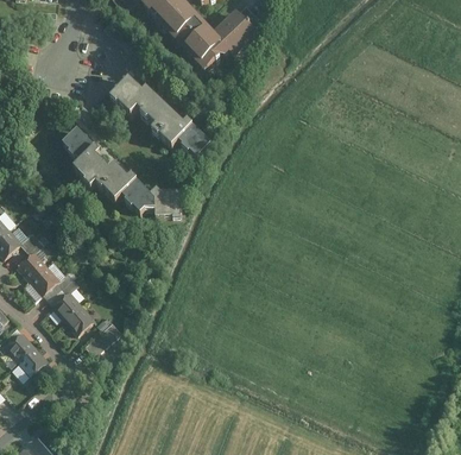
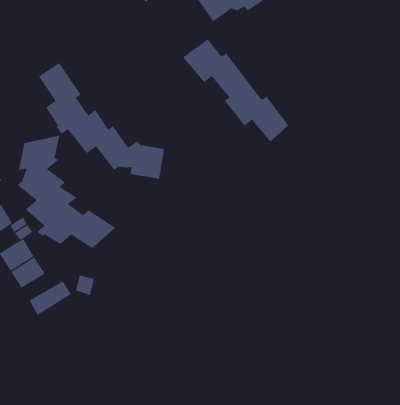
building: [108,80,211,162] -> [182,39,289,142]
building: none -> [17,135,116,249]

